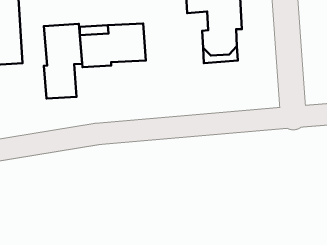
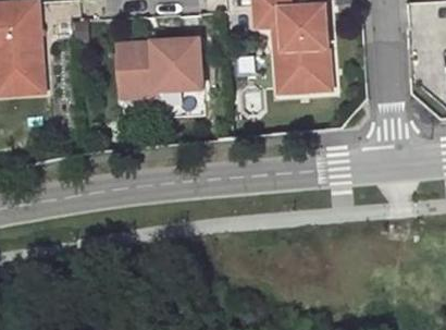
building: [44,24,82,98] -> none

